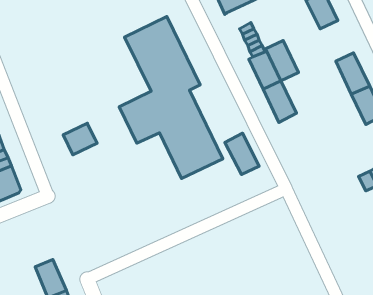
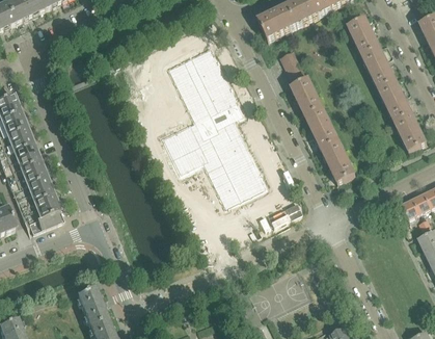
building: [265,40,299,81] -> [362,47,396,87]
building: [63,123,97,155] -> none
building: [225,133,259,175] -> [321,139,355,181]

